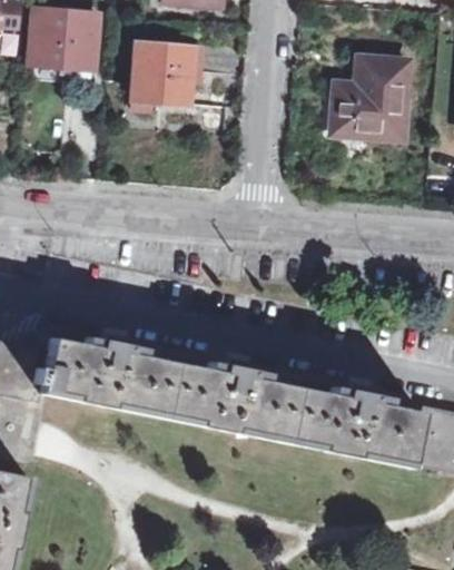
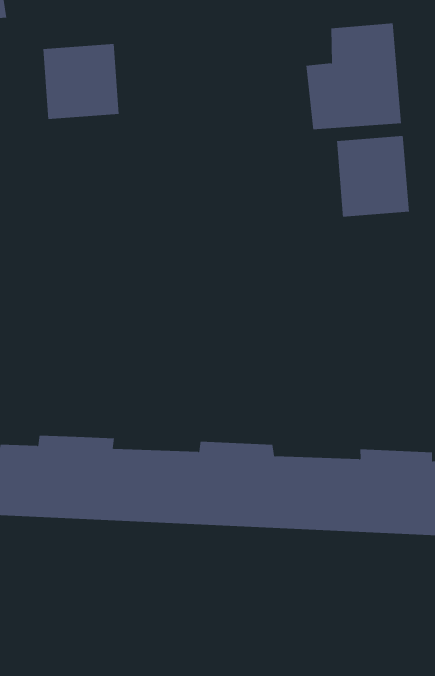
building: none -> [336,135,409,218]

